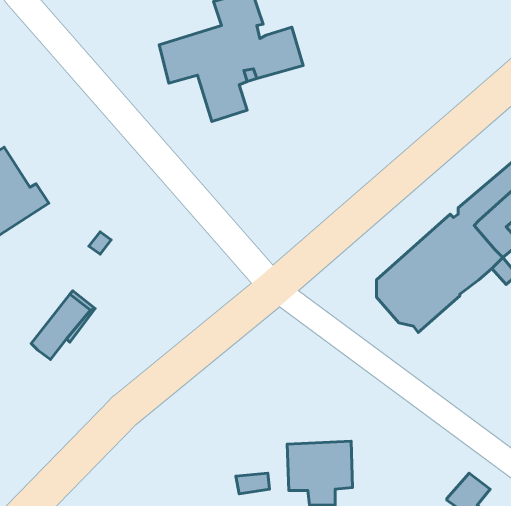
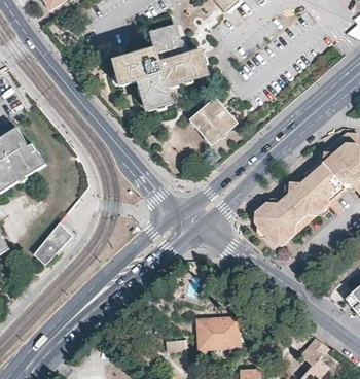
building: none -> [192,100,236,144]

